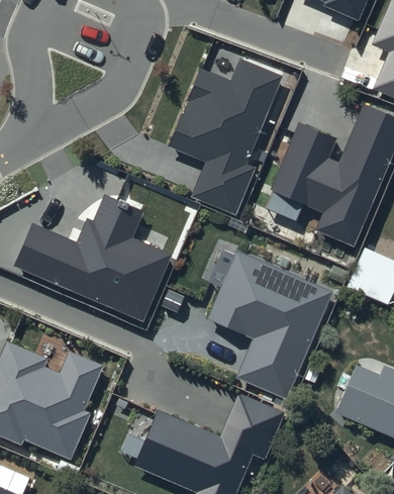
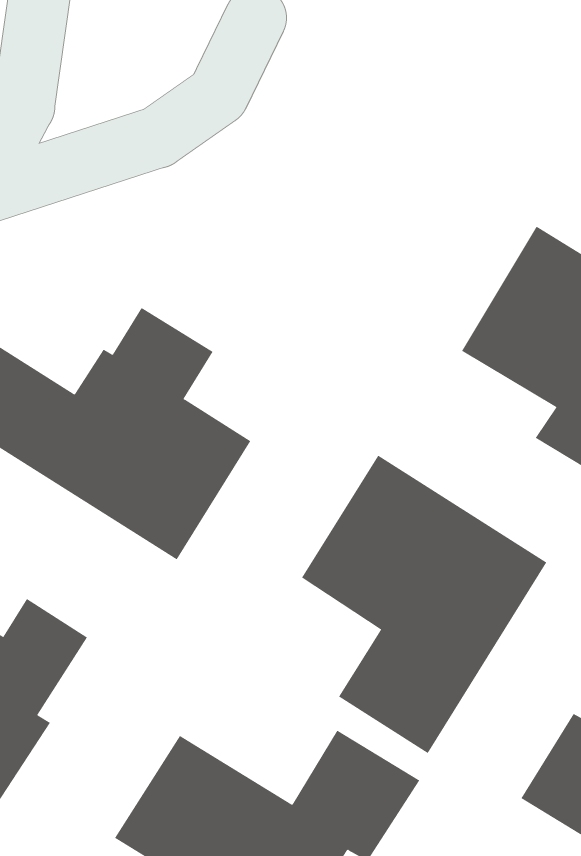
building: [167,58,283,214] -> none

